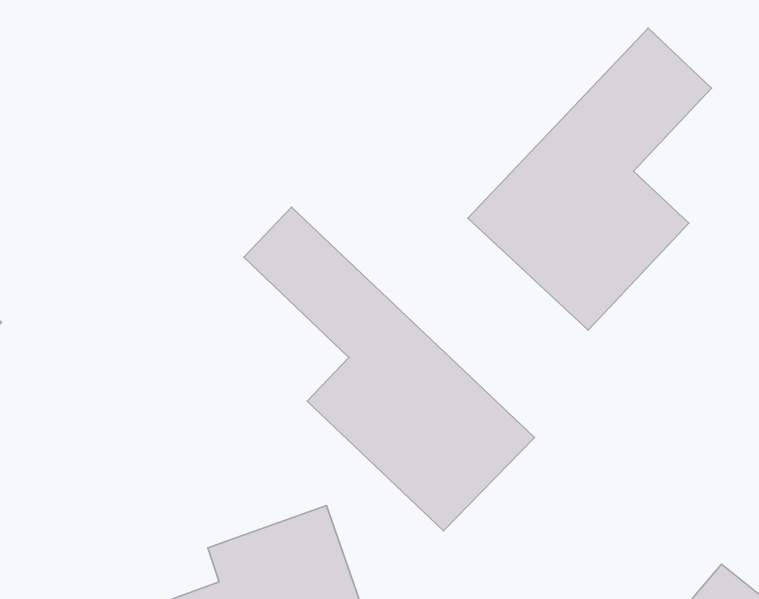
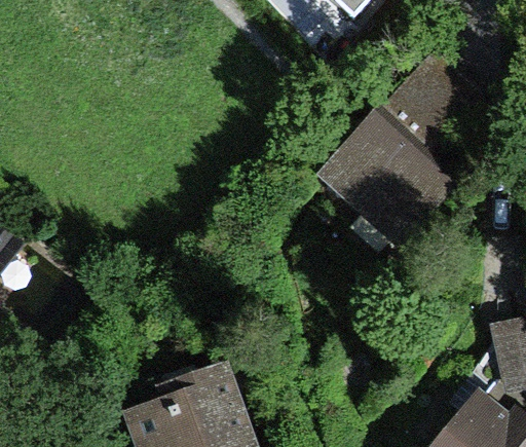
building: [244,207,534,531] -> none

